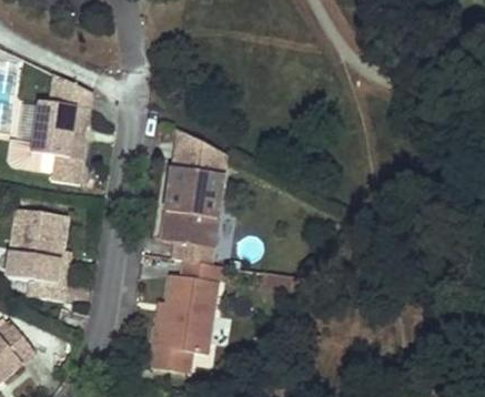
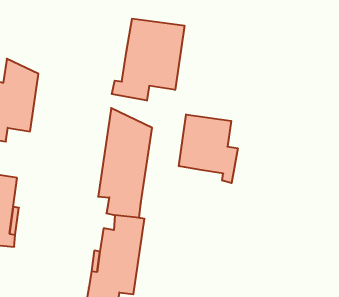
building: none -> [112,19,184,101]
building: none -> [179,114,238,183]

